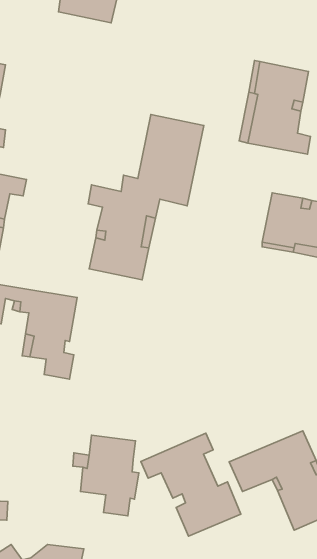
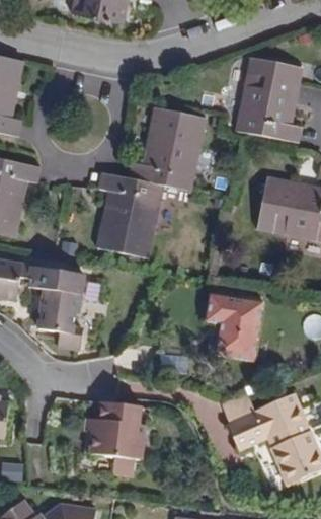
building: none -> [206,293,262,359]
building: [141,433,241,536] -> none

